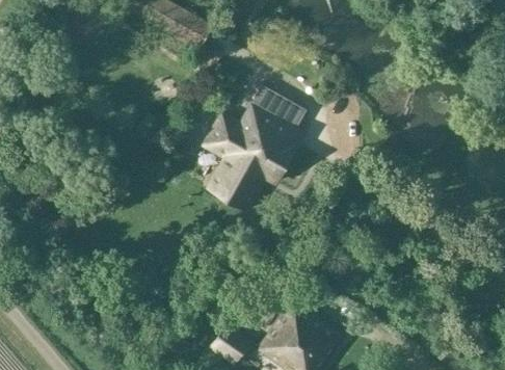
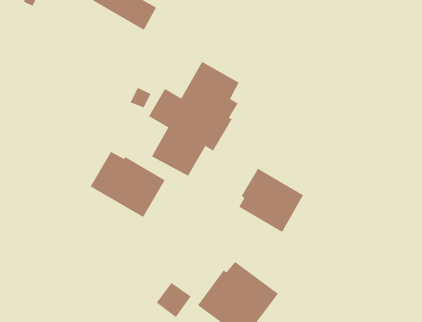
building: none -> [90,151,166,218]
building: none -> [239,168,304,233]

